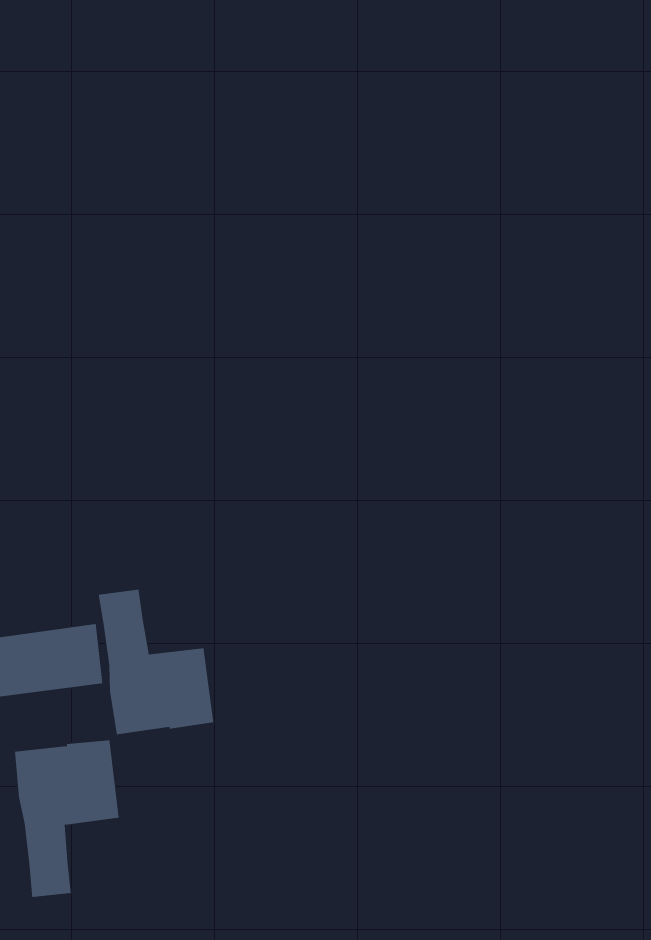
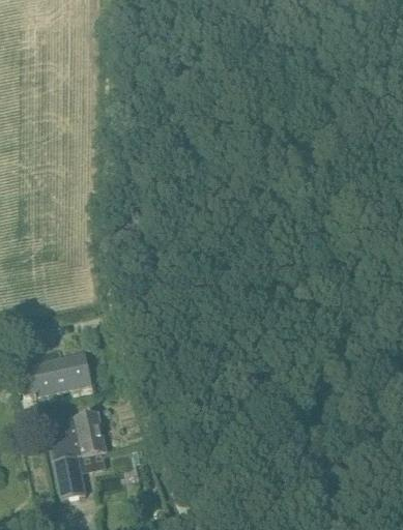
building: [98,589,214,735] -> none

